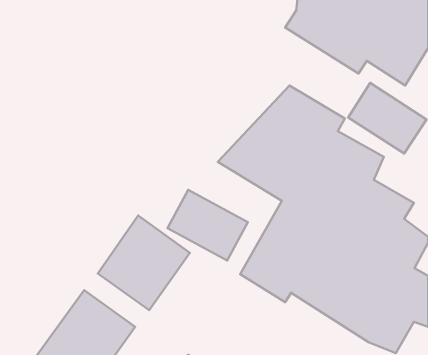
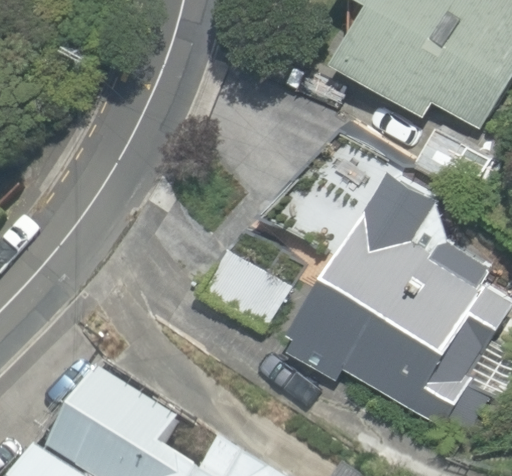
building: [98,216,190,310] -> none

